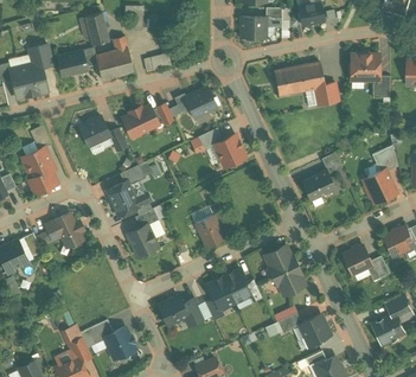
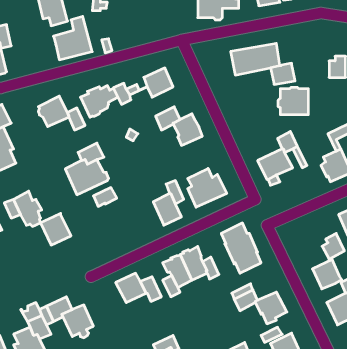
building: [57,47,97,77] -> none
building: [348,53,379,81] -> [278,88,308,115]
building: none -> [188,168,227,207]
building: [127,224,158,256] -> [41,213,71,245]
building: [343,244,372,274] -> [312,260,342,289]

